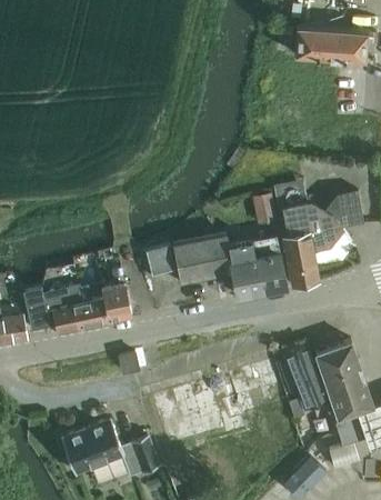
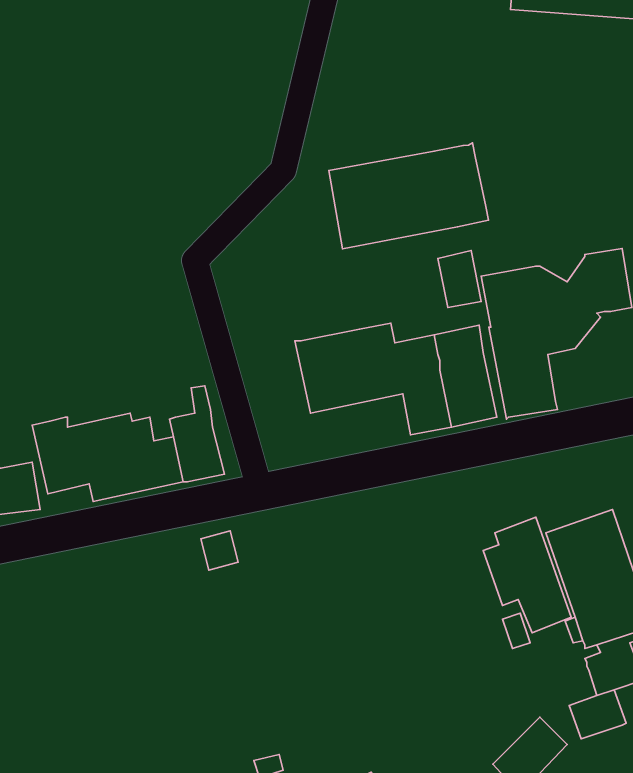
building: none -> [329,143,489,249]
building: [141,243,177,280] -> none
building: [62,419,159,474] -> none

